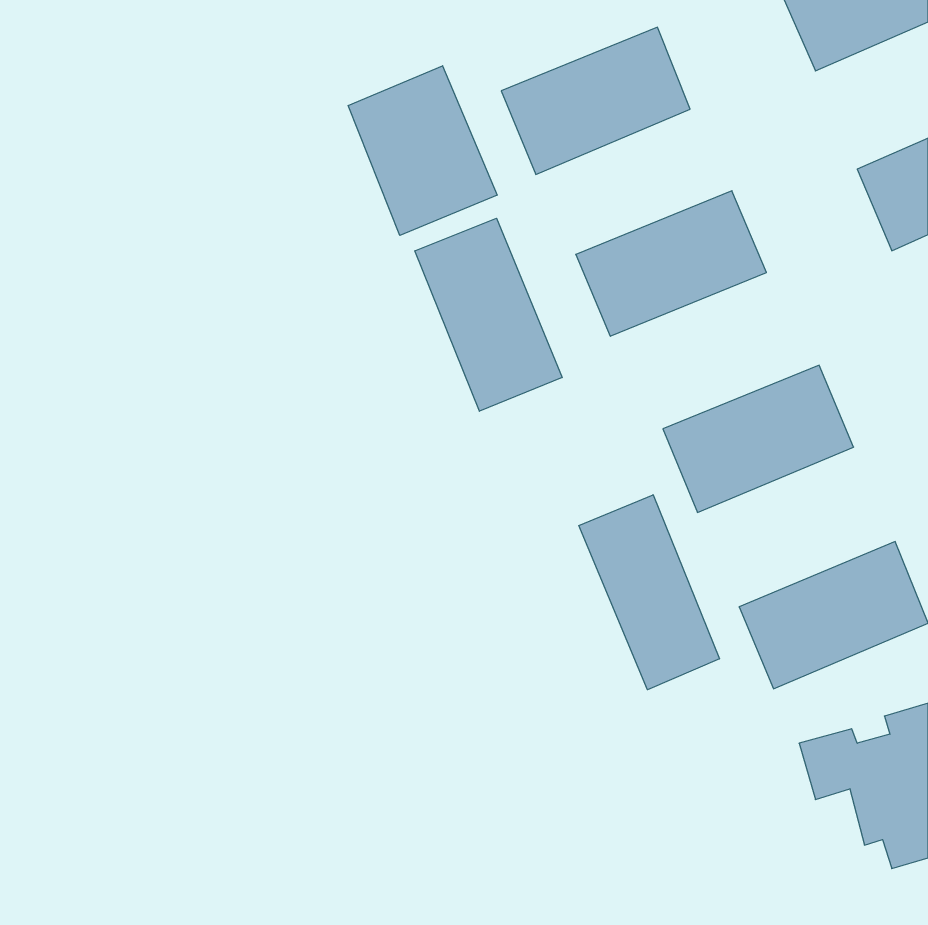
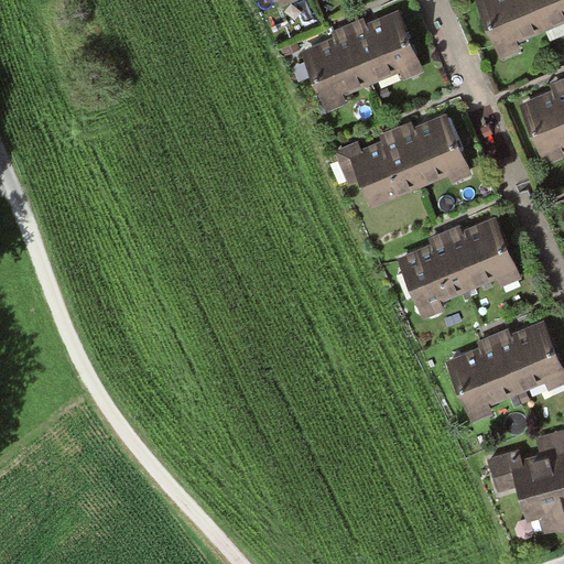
building: [348,66,497,235] -> none
building: [415,218,562,411] -> none
building: [579,495,719,690] -> none

